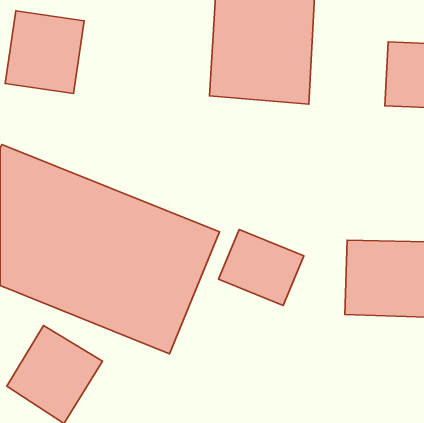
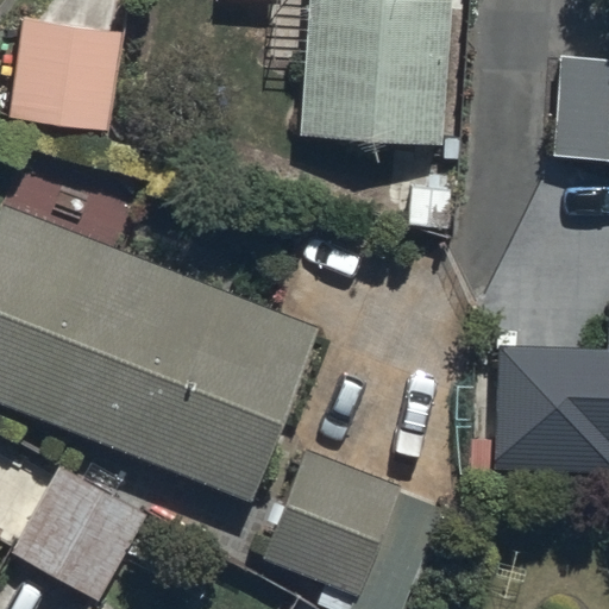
building: [219,229,304,305] -> none
building: none -> [262,447,406,597]

